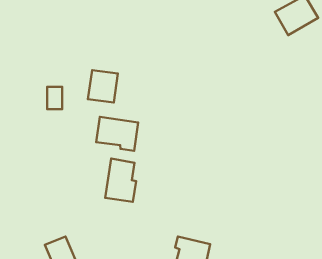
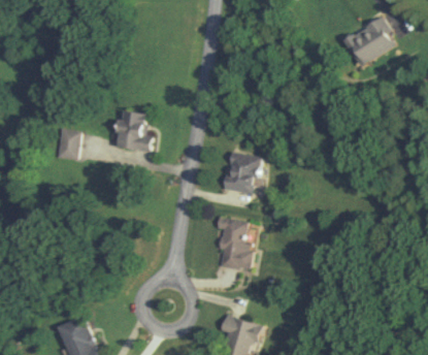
building: none -> [223,151,259,193]
building: [96,117,138,151] -> none
building: [105,159,136,202] -> [212,217,251,270]

